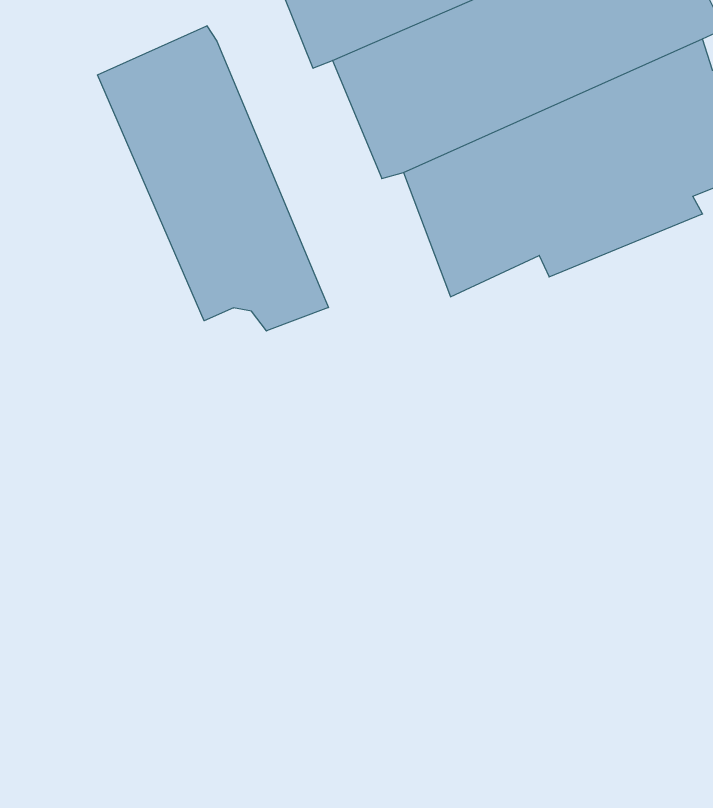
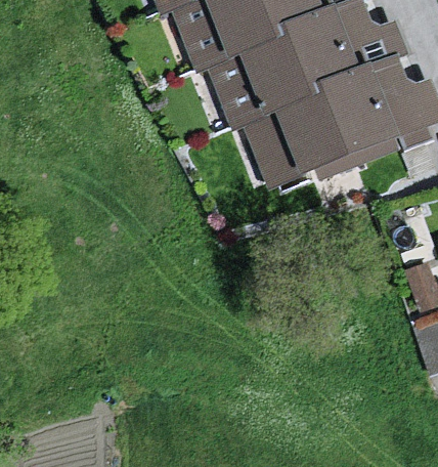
building: [97,26,328,331] -> none

